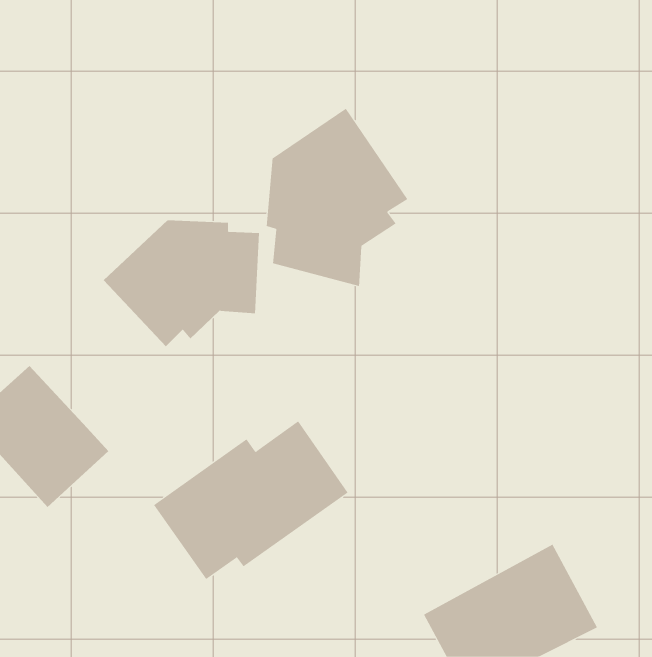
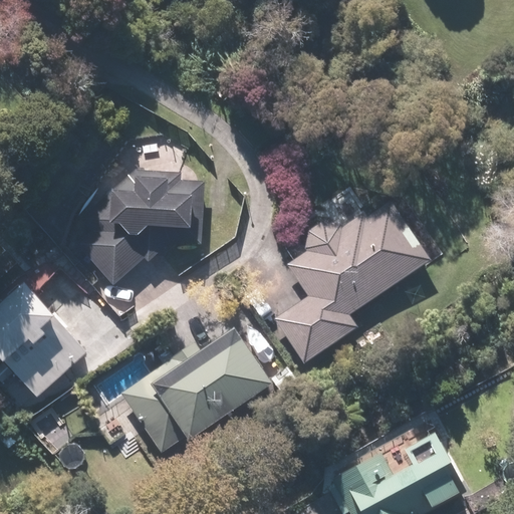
building: [266,108,408,287] -> none
building: none -> [273,202,428,363]

